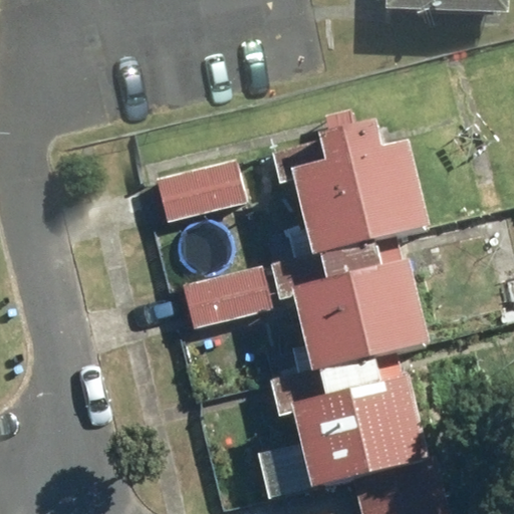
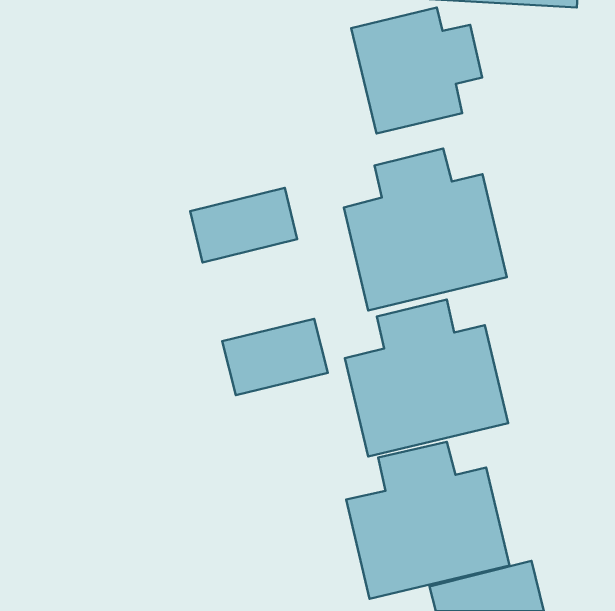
building: none -> [351,8,482,134]

